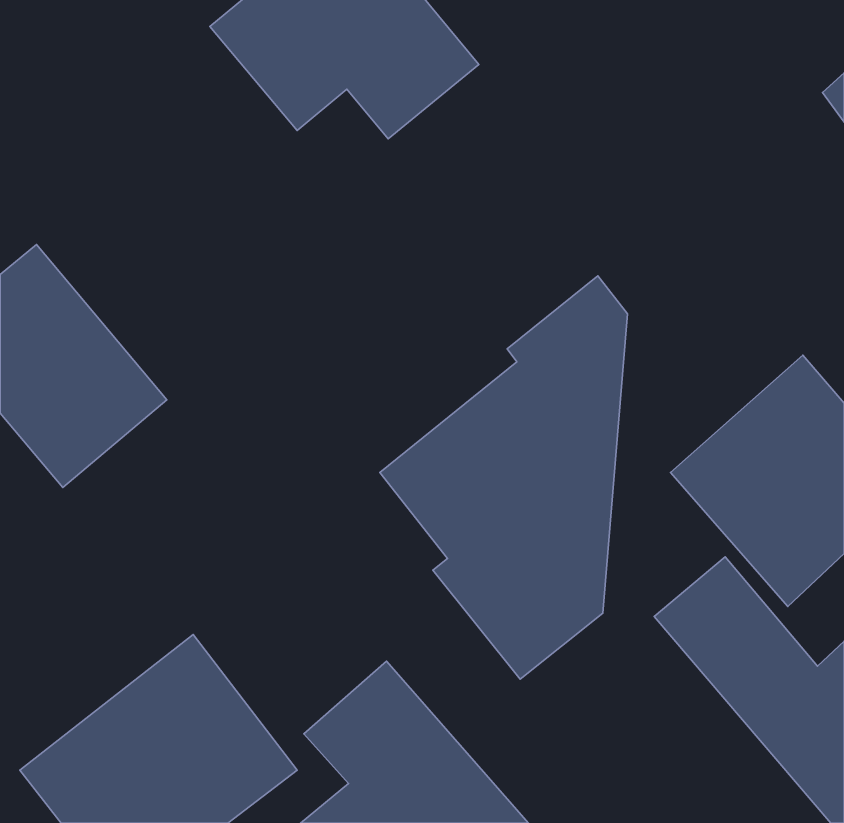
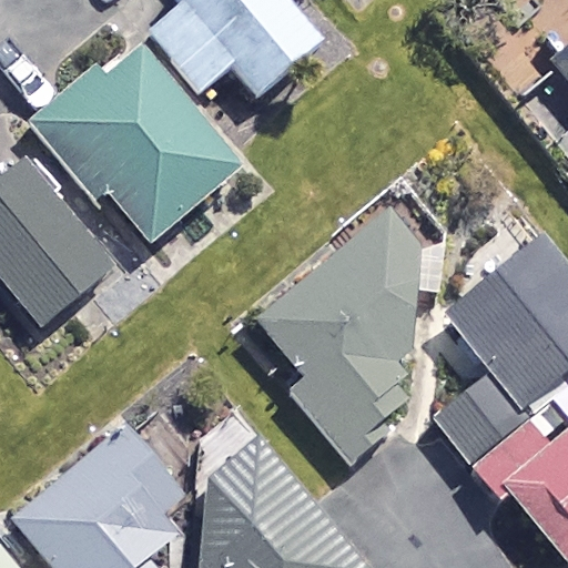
building: none -> [32,41,237,241]

